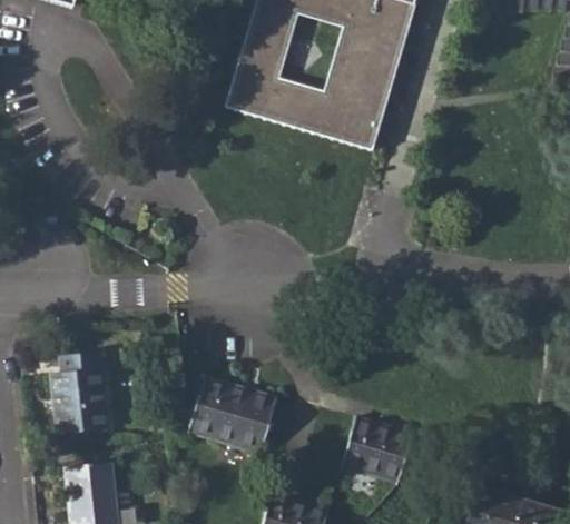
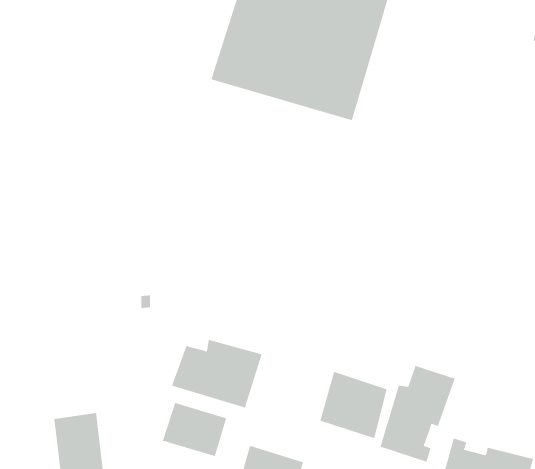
building: [48,350,106,431] -> none
building: none -> [380,365,455,462]
building: none -> [162,402,227,457]

